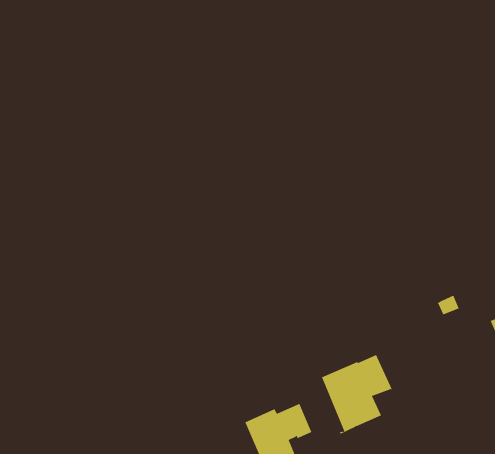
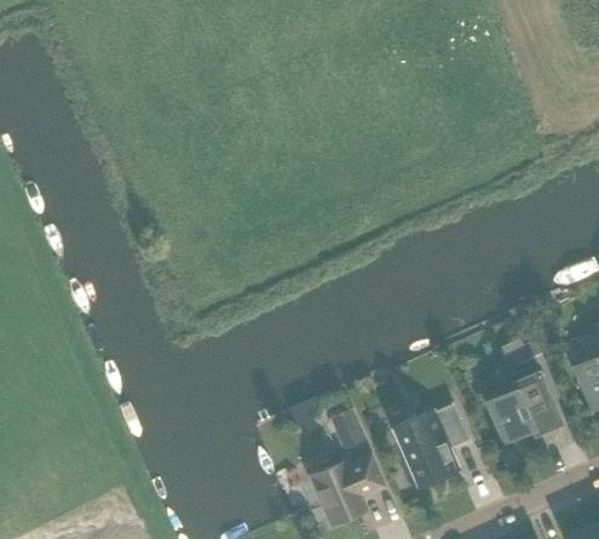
building: none -> [486,372,561,442]
building: none -> [329,408,361,449]

